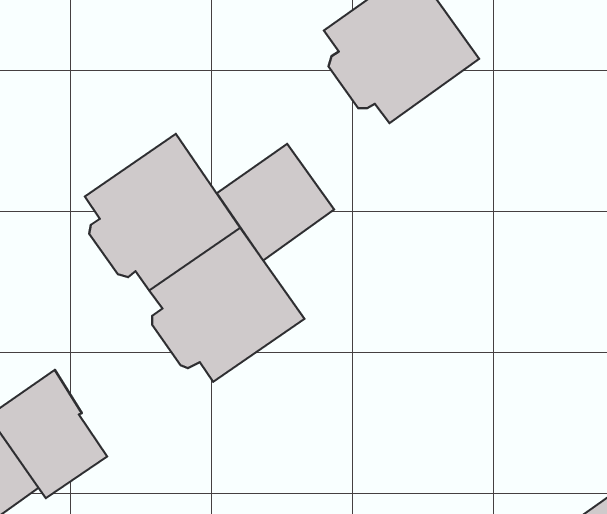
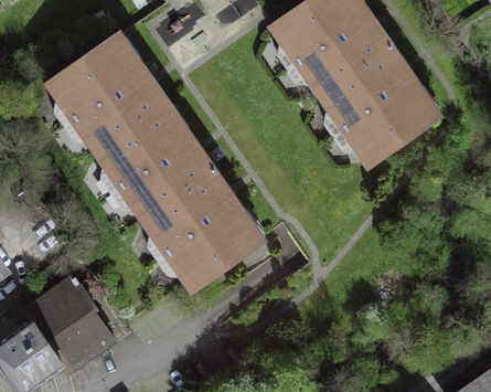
building: none -> [52,35,167,148]
building: none -> [324,46,439,161]
building: [217,144,334,260] -> none

